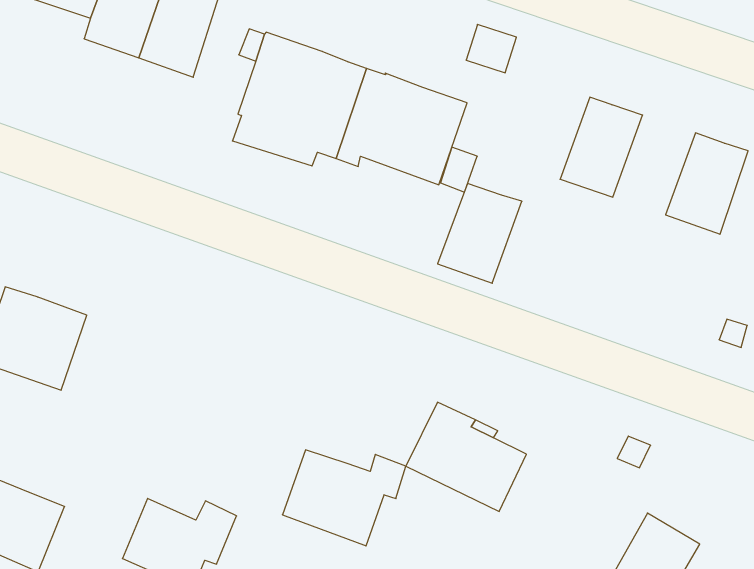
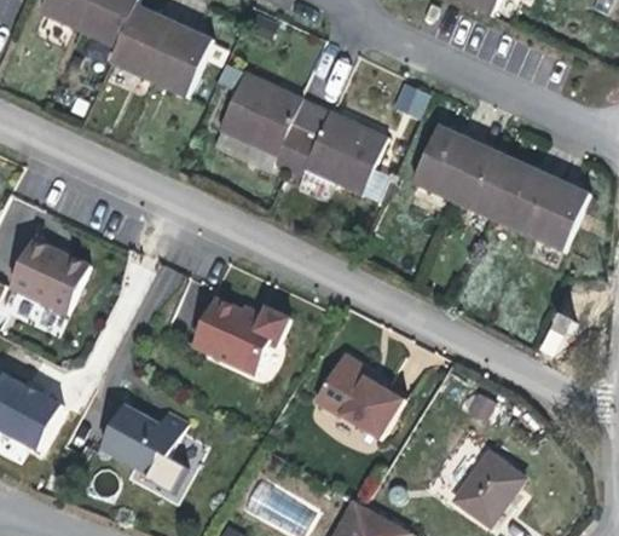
building: none -> [486,157,551,232]
building: [438,184,522,283] -> [410,123,476,198]
building: [282,450,406,546] -> [193,298,288,373]

